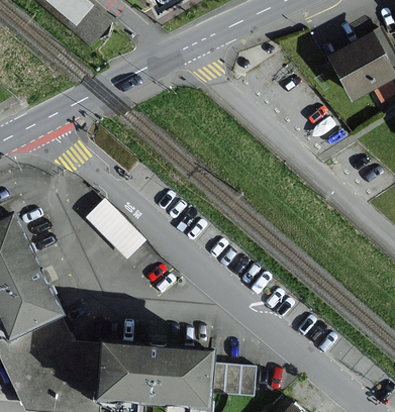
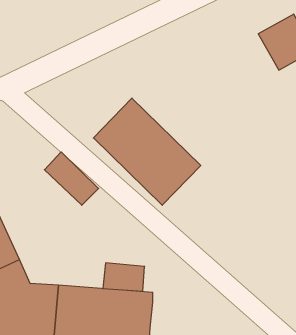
building: none -> [93,98,201,205]
building: [207,363,255,395] -> [103,263,145,291]

